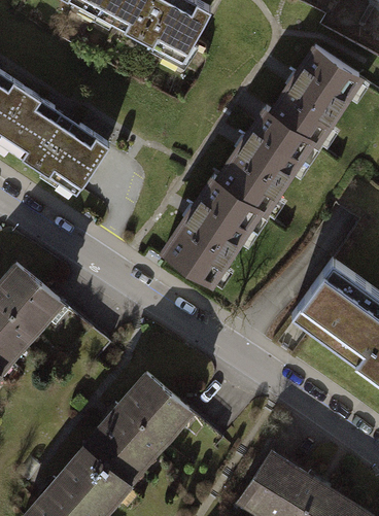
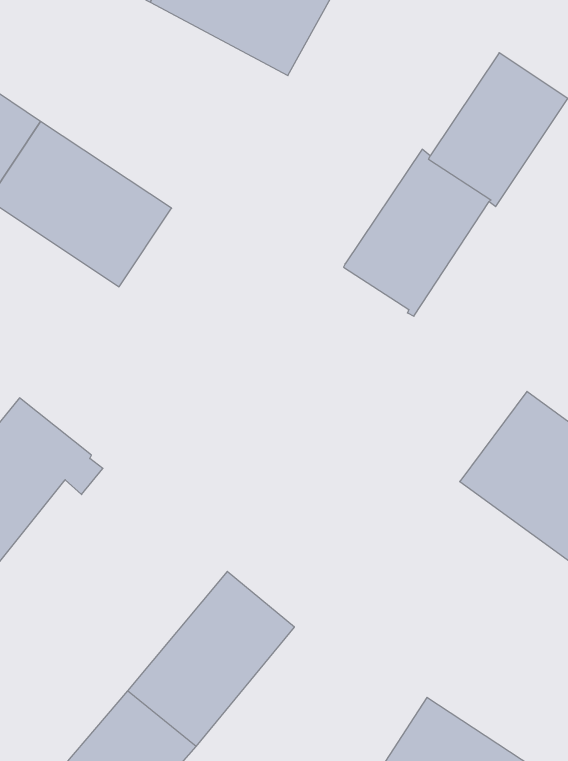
building: [164,178,259,284] -> none

